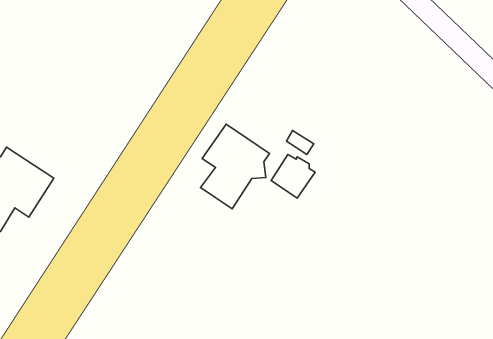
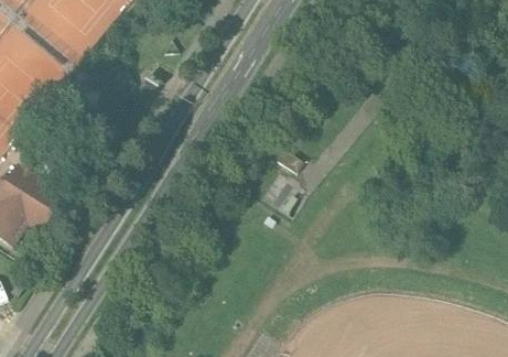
building: [201,124,270,209] -> none

